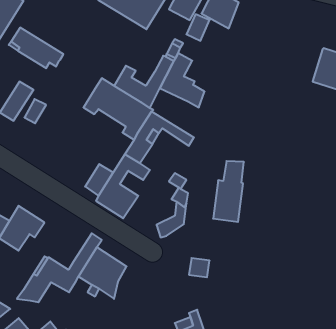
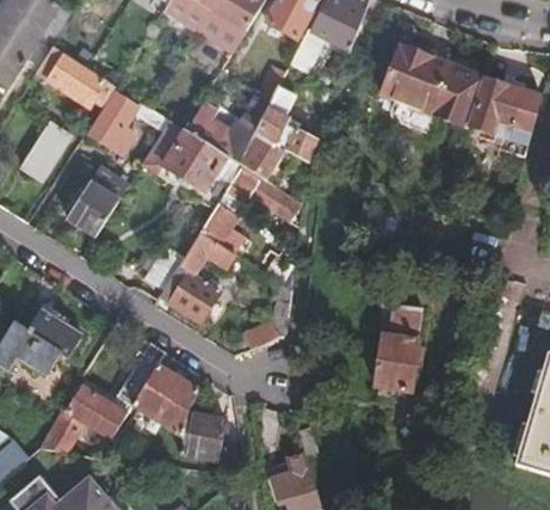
building: none -> [383,49,484,129]
building: none -> [86,87,167,155]
building: none -> [236,136,291,188]
building: none -> [66,164,129,235]
building: [213,161,244,222] -> [376,311,420,398]
building: none -> [183,413,225,460]

